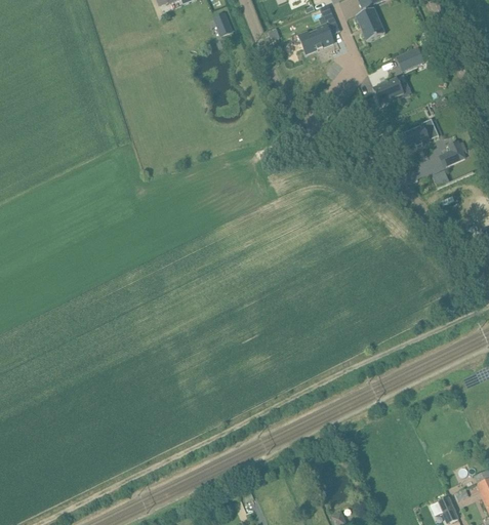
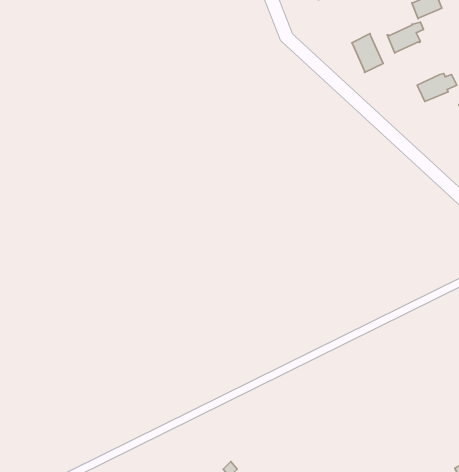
building: none -> [352,34,383,73]

